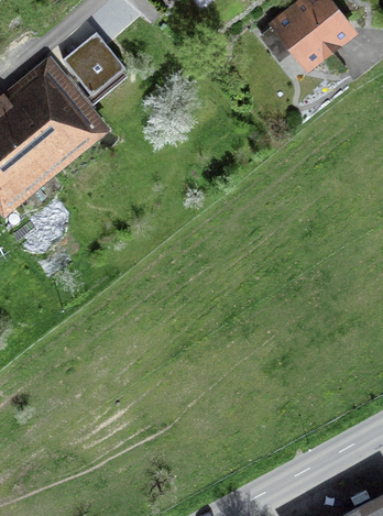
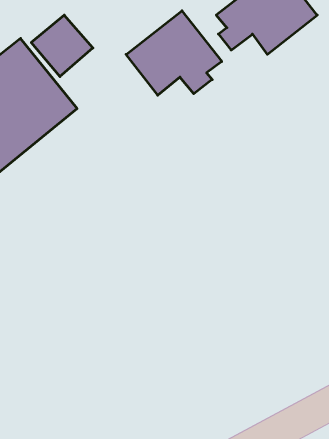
building: none -> [126,11,222,95]

